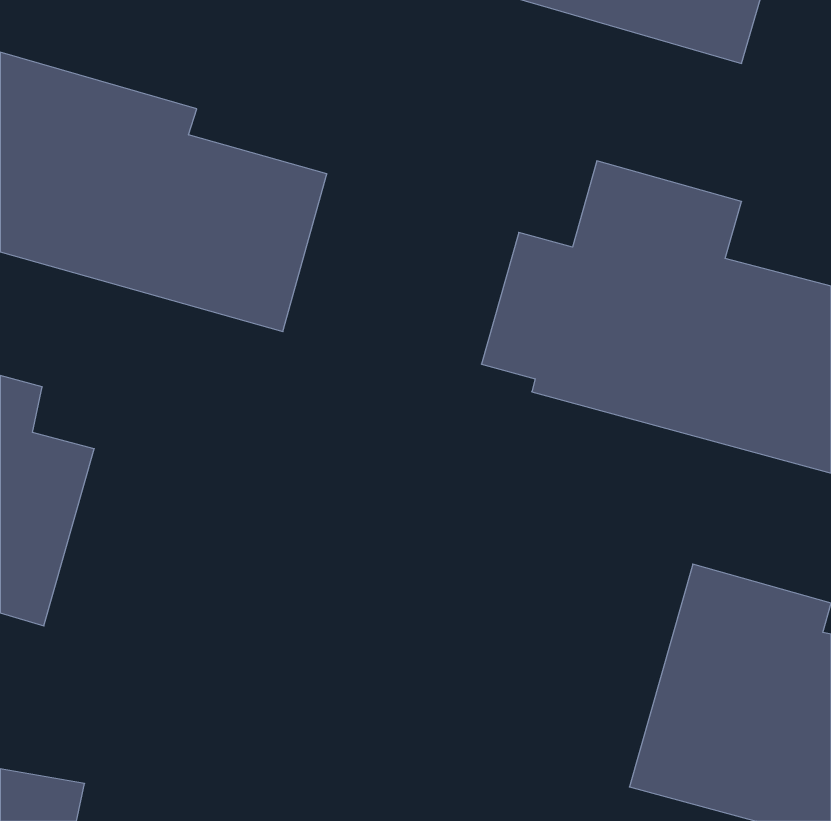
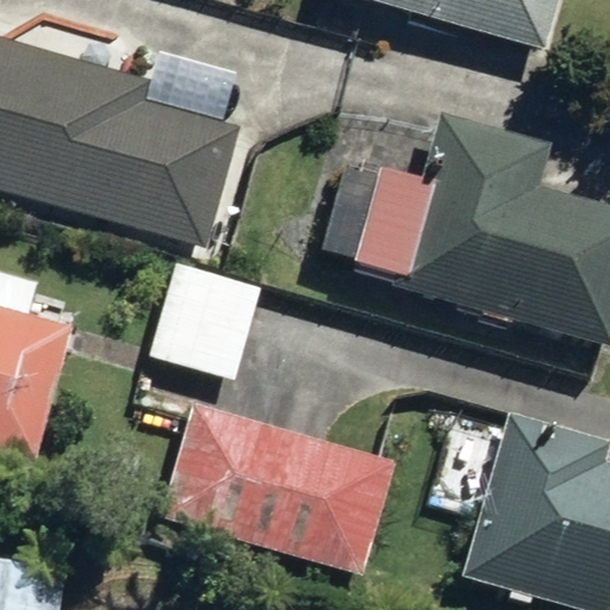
building: none -> [148,263,256,378]
building: none -> [162,405,391,572]

